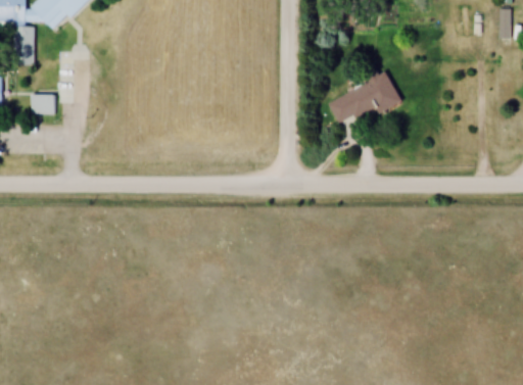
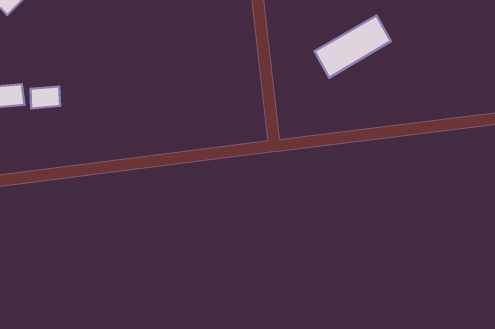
building: none -> [30,86,60,108]

